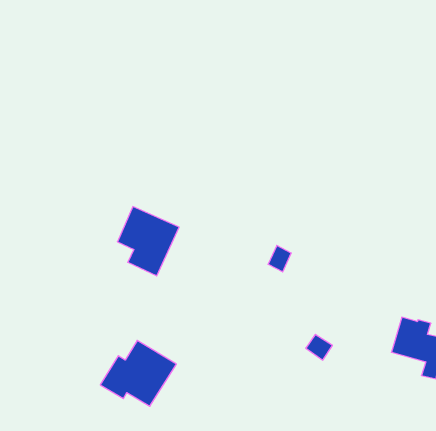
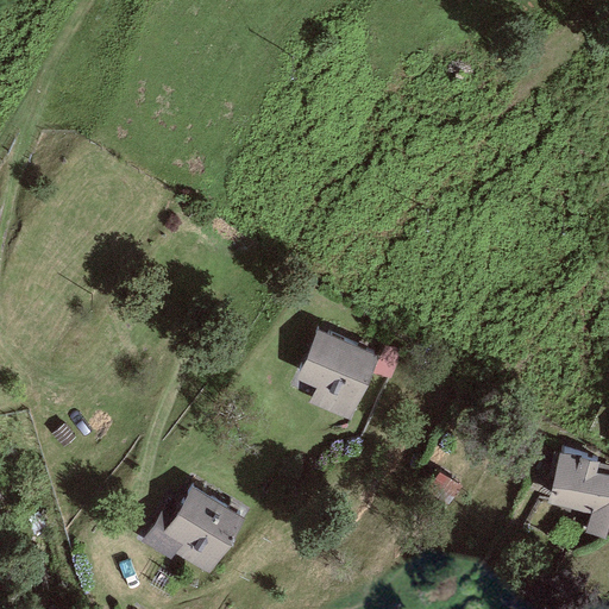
building: [117,207,179,276] -> [296,325,382,421]

